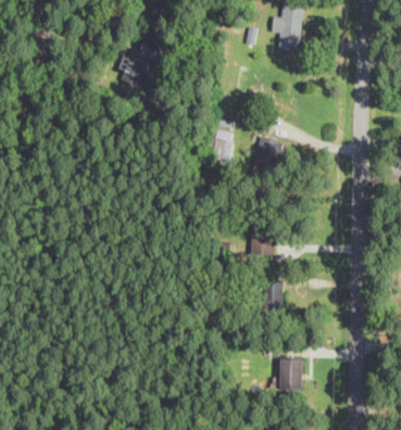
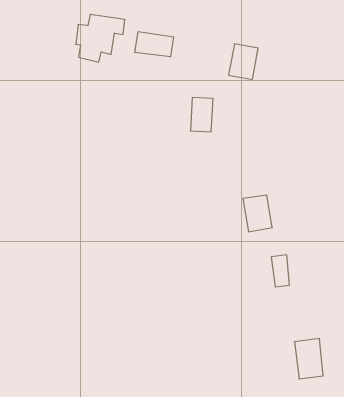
building: none -> [135,32,174,57]
building: [253,135,283,168] -> [229,44,258,79]

